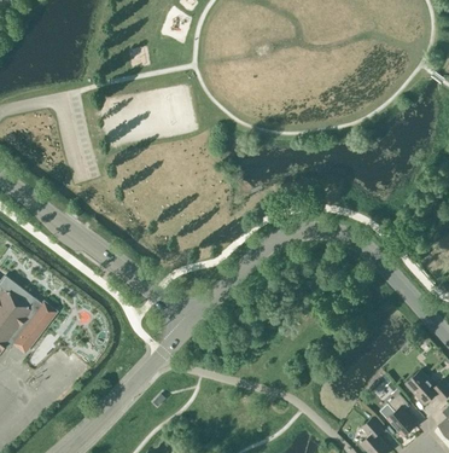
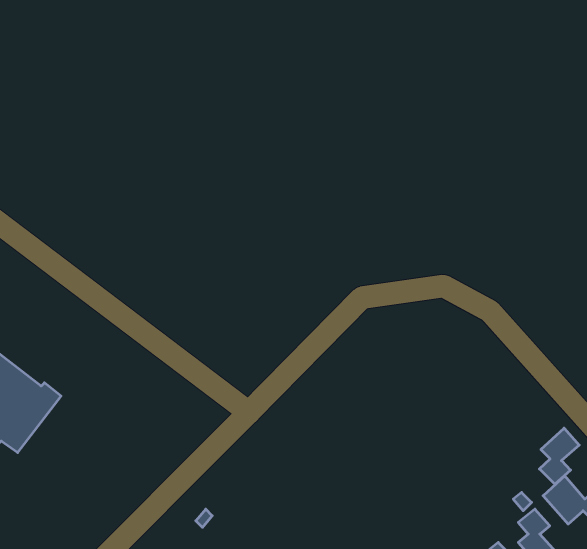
building: none -> [539,428,579,484]

